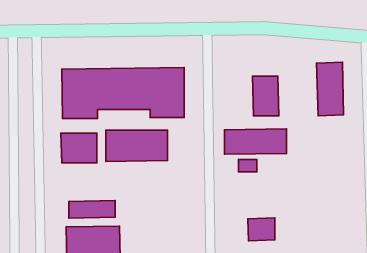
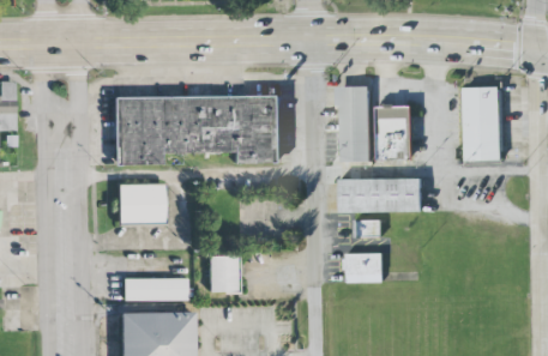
building: none -> [337,86,373,162]
building: [106,130,168,161] -> none
building: none -> [206,257,236,292]
building: [248,218,275,241] -> [348,252,385,283]

